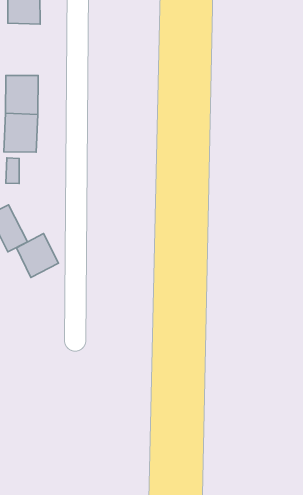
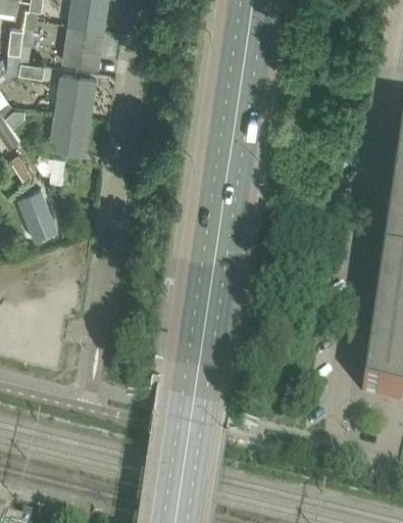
building: none -> [63,25,101,67]
building: [16,234,59,278] -> none

